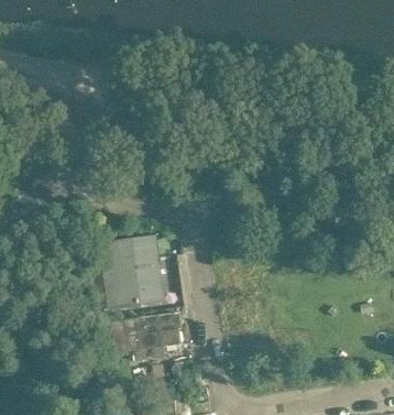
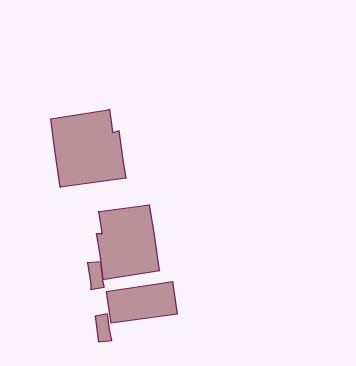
building: none -> [51,109,126,187]

